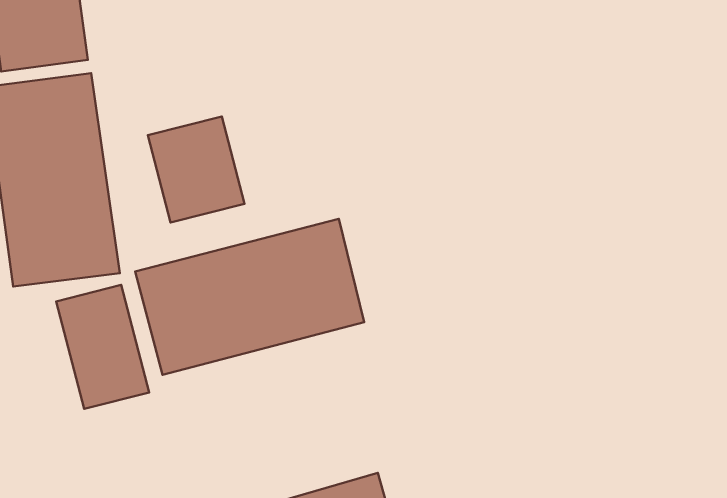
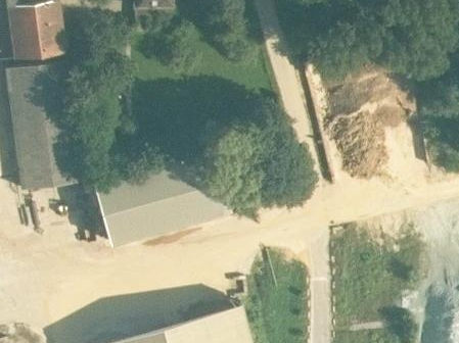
building: [148,116,244,223] -> none
building: [56,285,149,409] -> none

